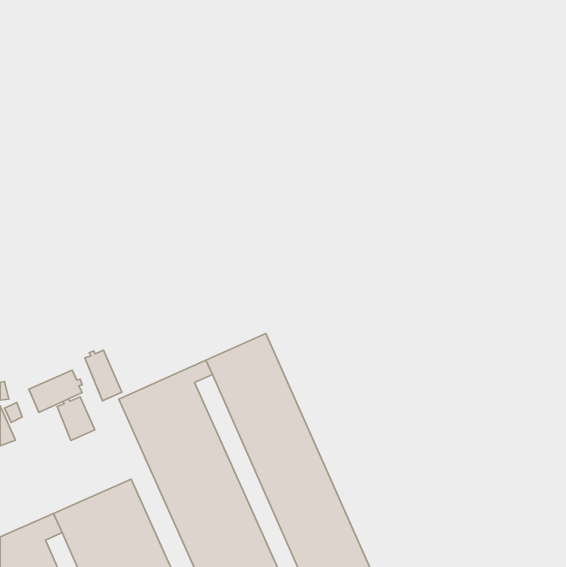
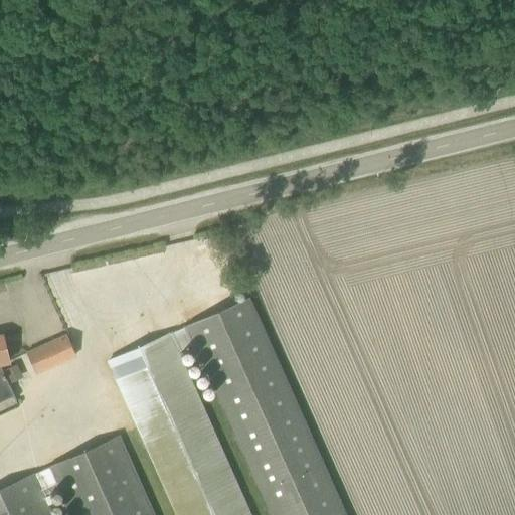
building: [85,350,122,401] -> none
building: [57,397,95,441] -> none

